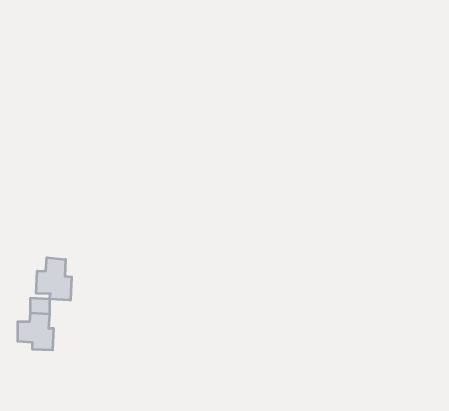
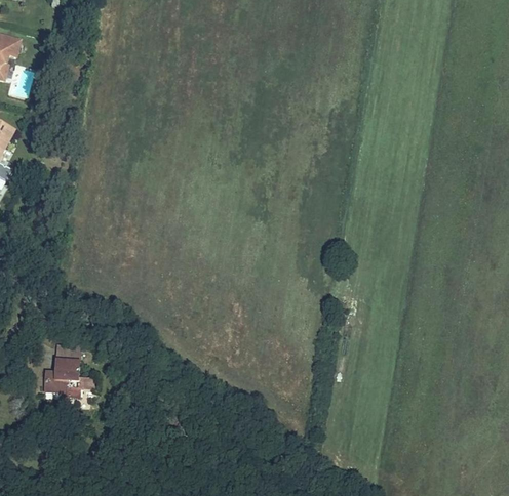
building: [36,258,72,300] -> none

